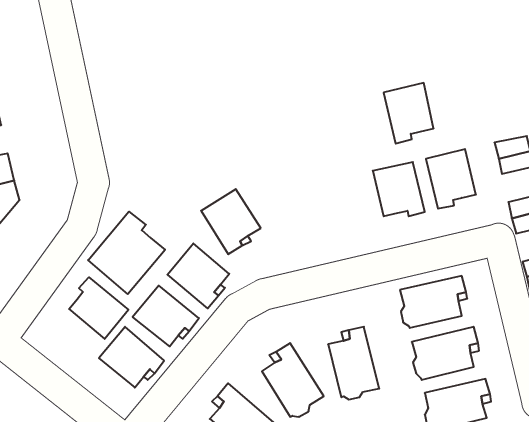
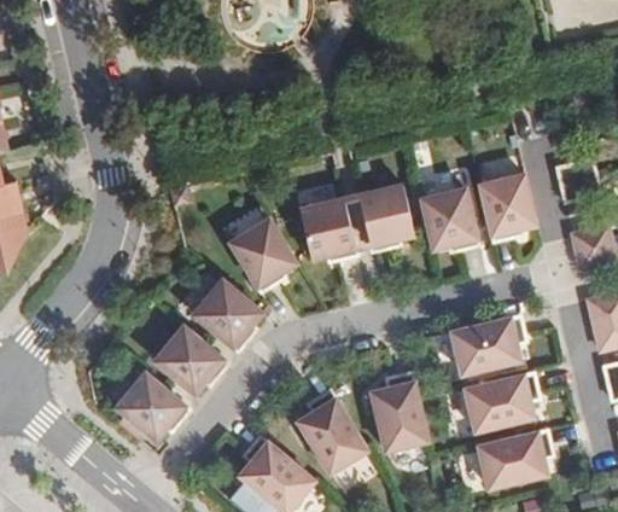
building: [384,83,434,144] -> [357,184,413,251]
building: none -> [299,198,356,258]
building: [88,212,165,294] -> none
building: [69,277,128,339] -> none

